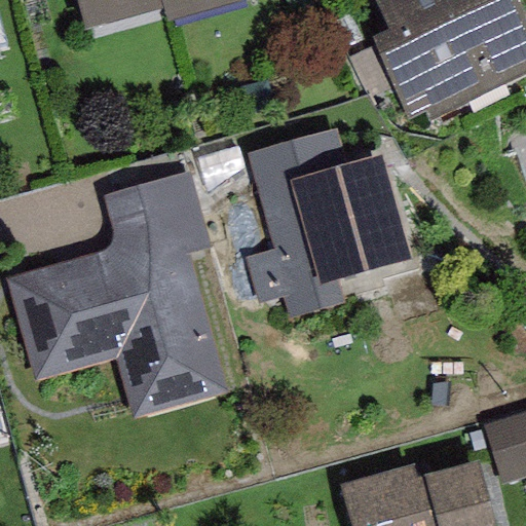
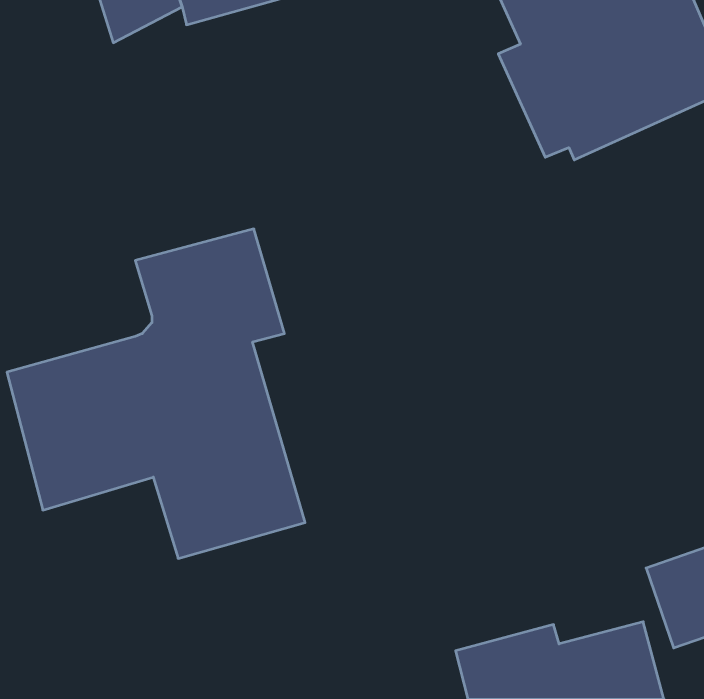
building: [247,127,411,322] -> none

